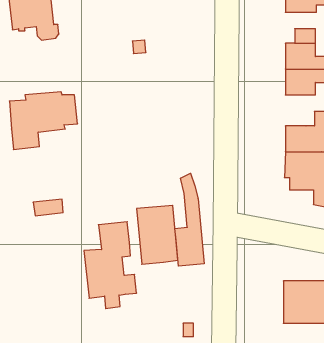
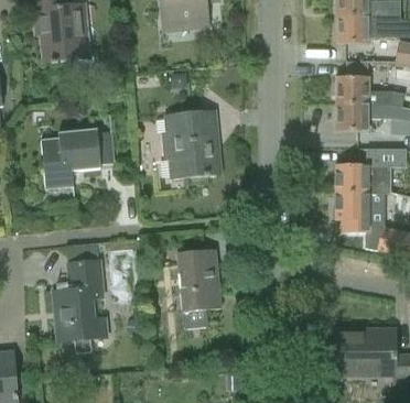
building: none -> [162,111,220,179]
building: [175,173,204,266] -> none
building: [84,222,137,309] -> [53,261,109,353]

